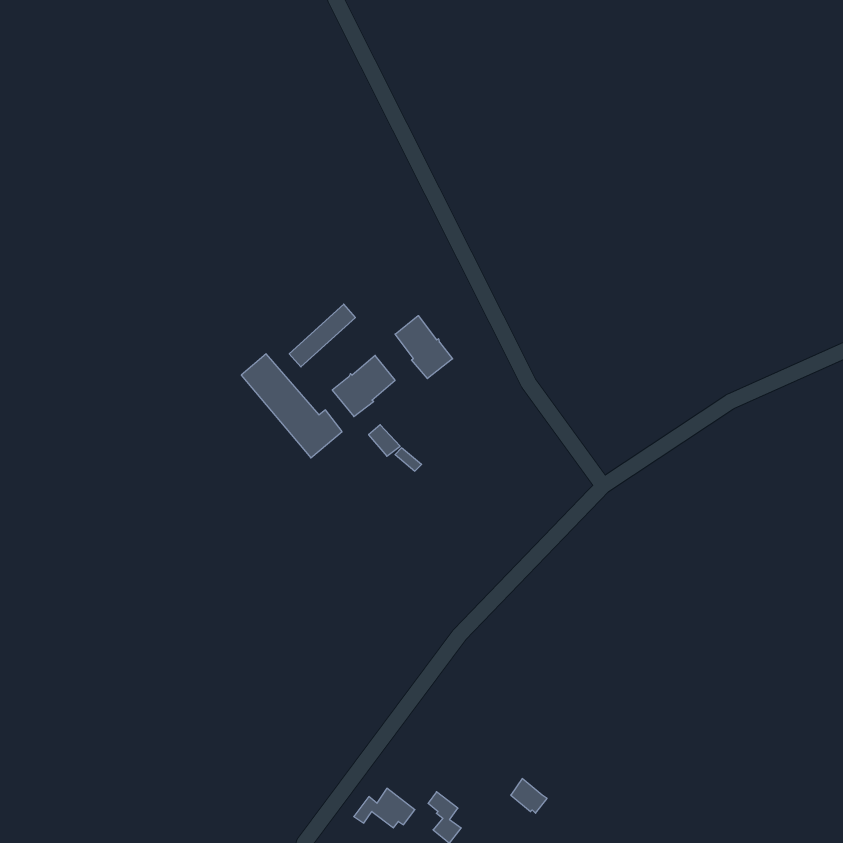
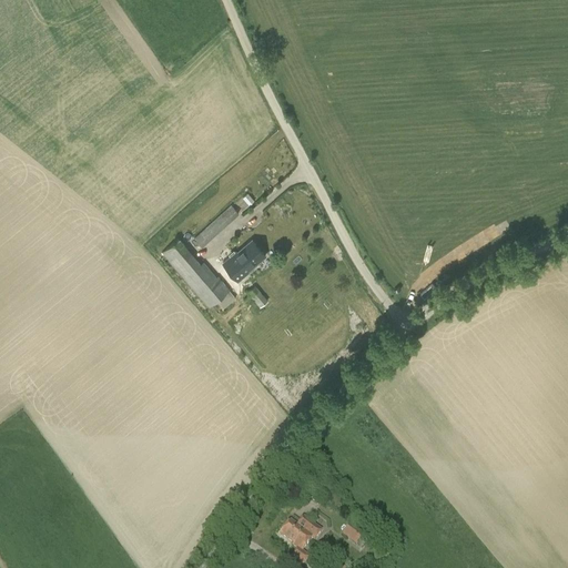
building: [395,316,453,379] -> none
building: [354,788,415,828] -> [282,516,323,542]

